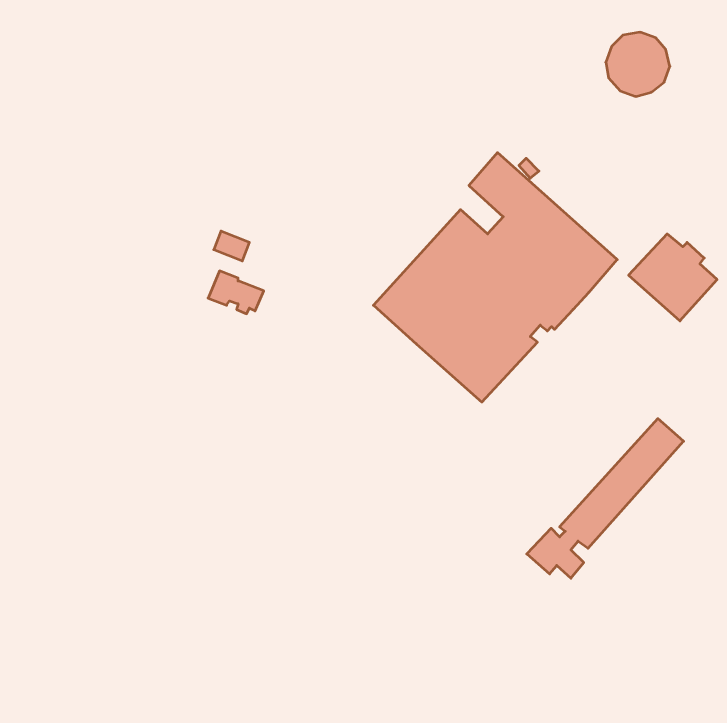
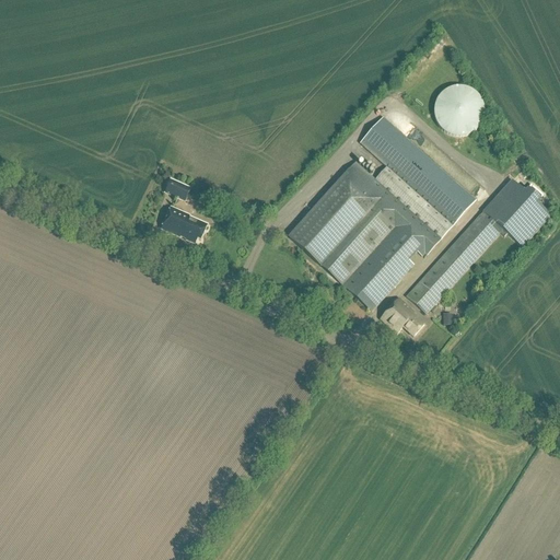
building: [606,32,670,96] -> [435,85,485,135]
building: [527,419,684,578] -> [380,212,500,335]

